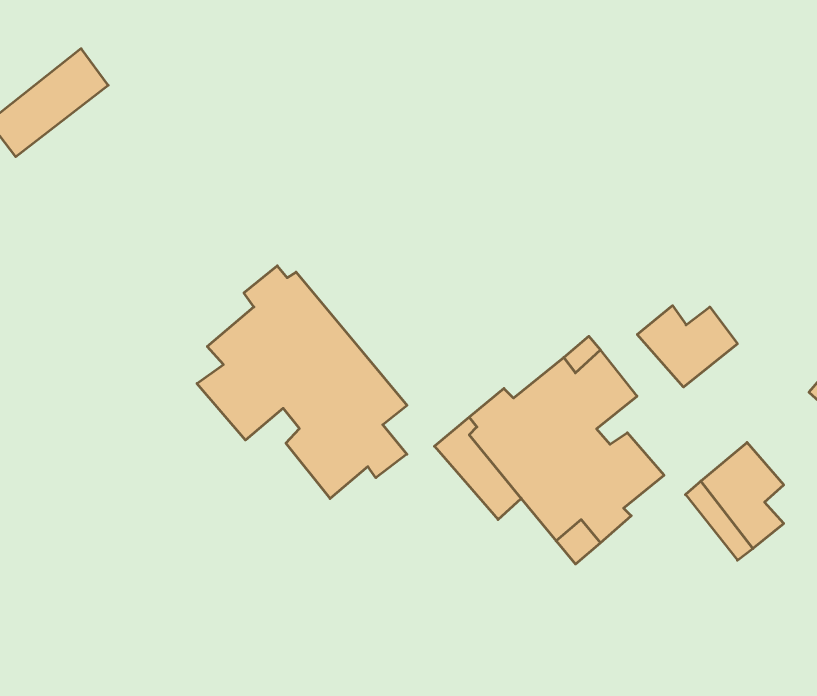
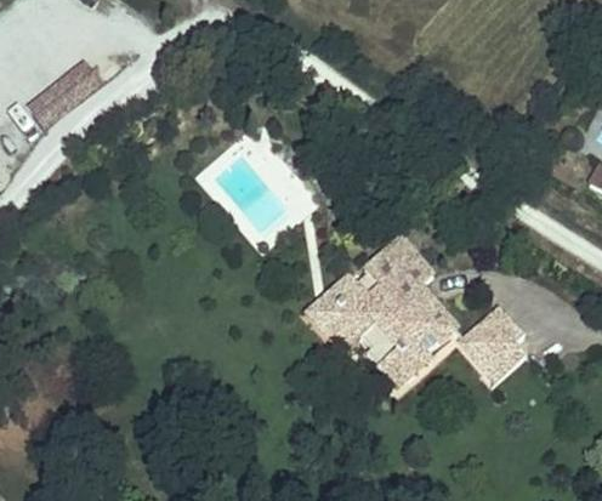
building: [197,266,407,499] -> none
building: [637,306,737,387] -> none

